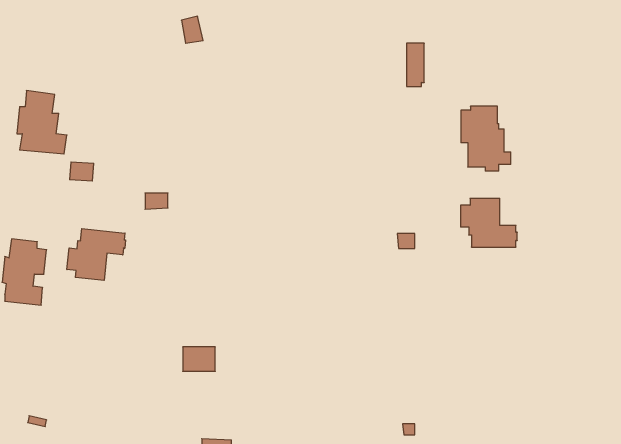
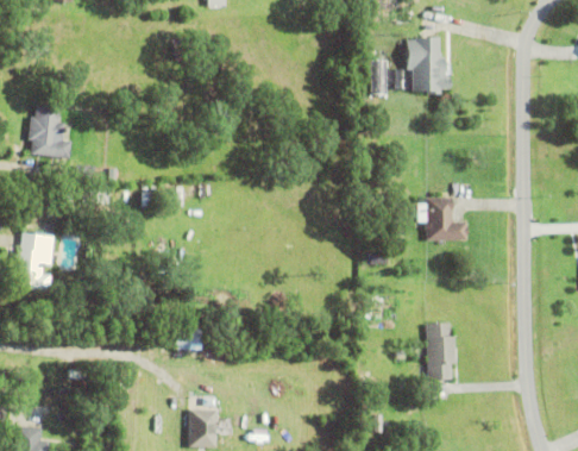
building: [461,106,511,171] -> [407,36,451,93]
building: [67,229,126,280] -> none
building: none -> [427,322,457,378]

